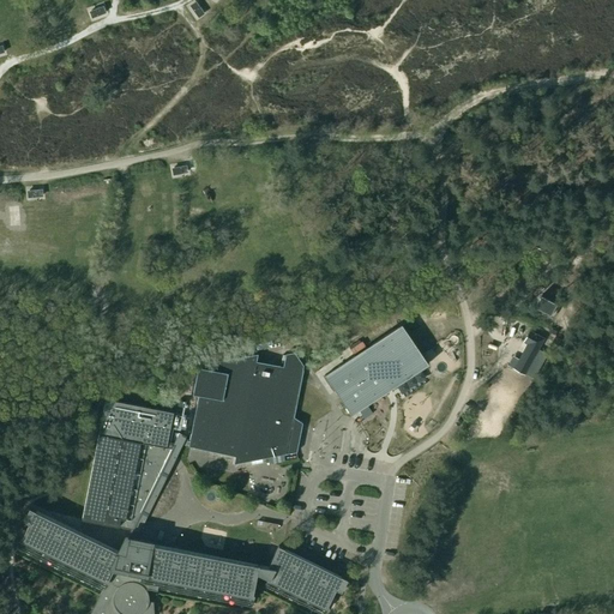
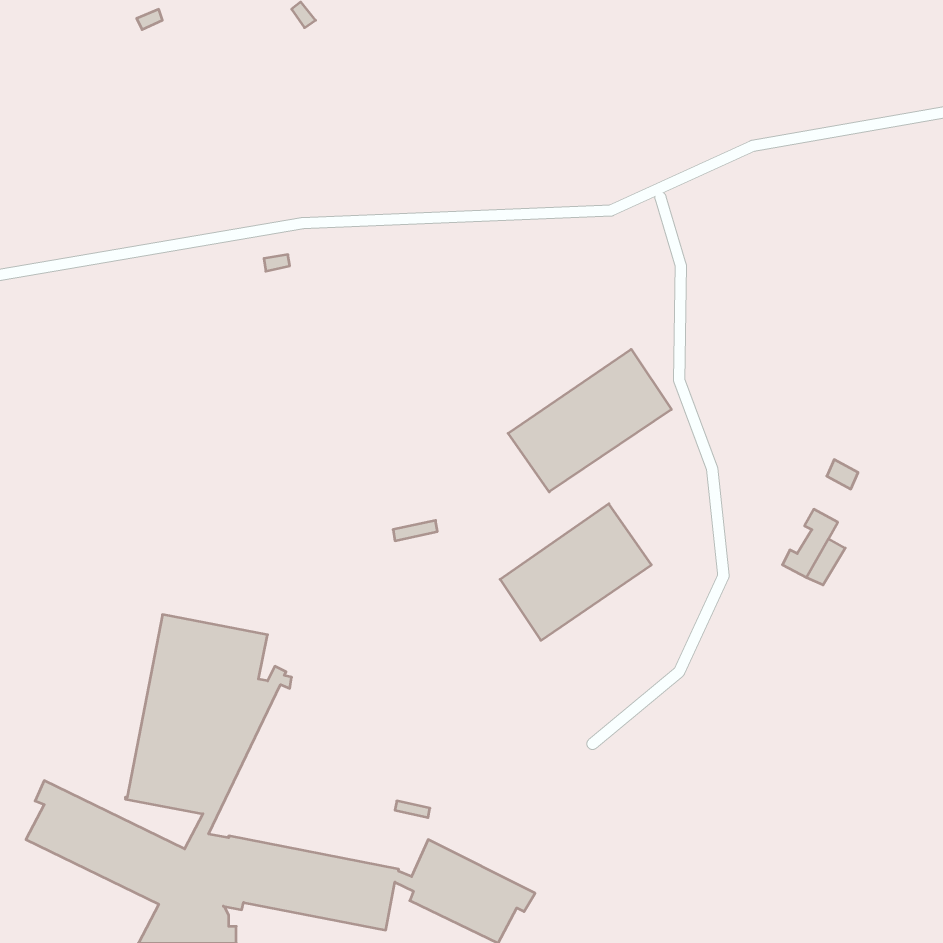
building: none -> [508,349,671,492]
building: [188,353,303,464] -> none

